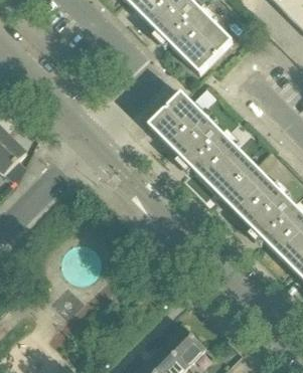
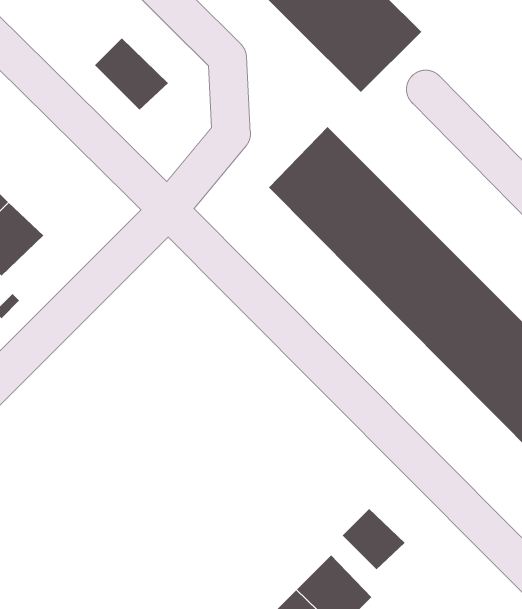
building: none -> [94,38,169,111]
building: none -> [342,508,405,570]

